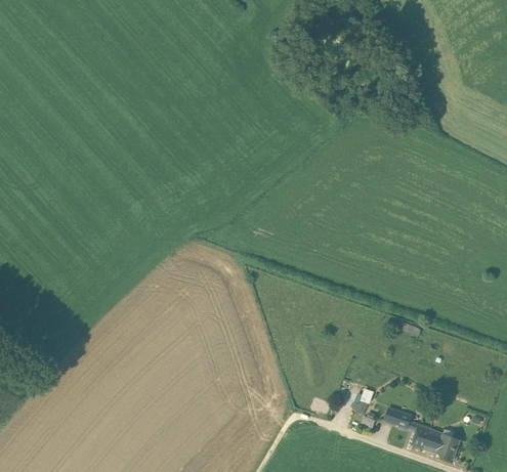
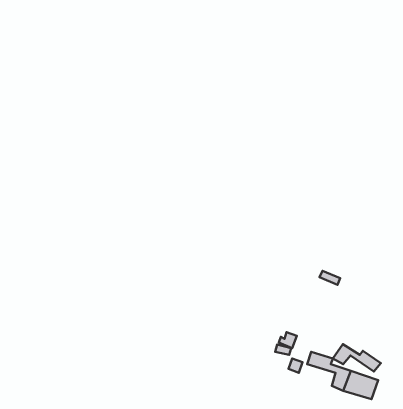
building: none -> [333,344,381,371]

